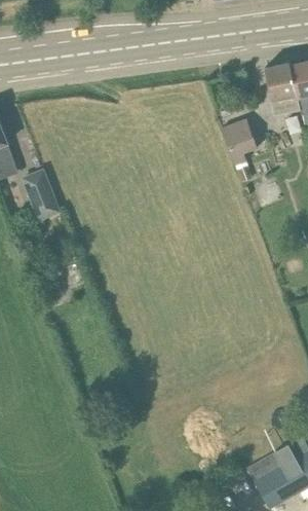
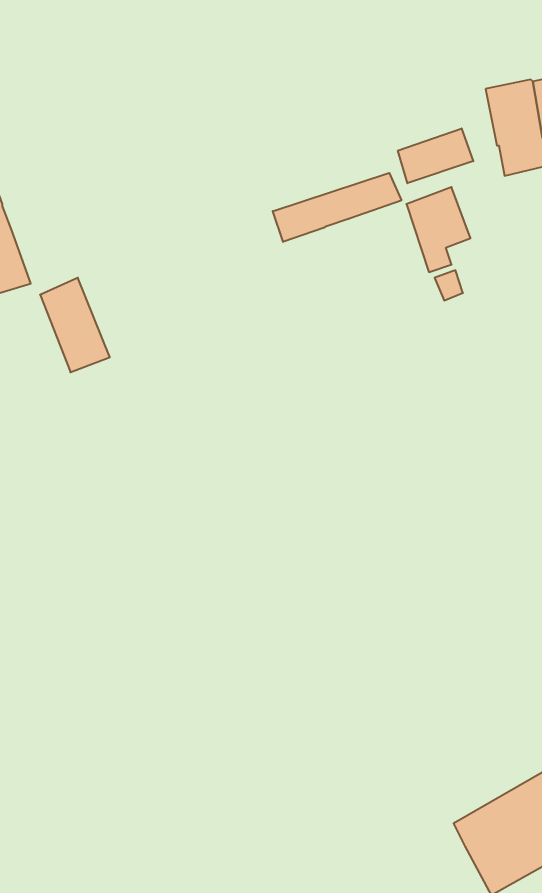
building: none -> [398,128,473,183]
building: none -> [273,173,401,242]

